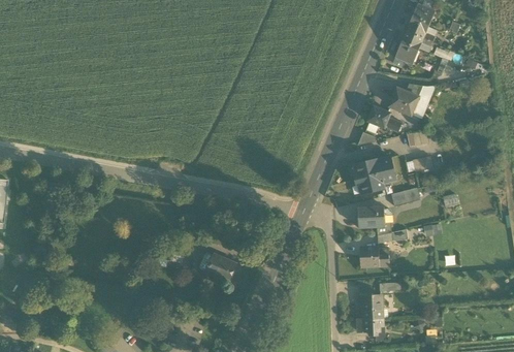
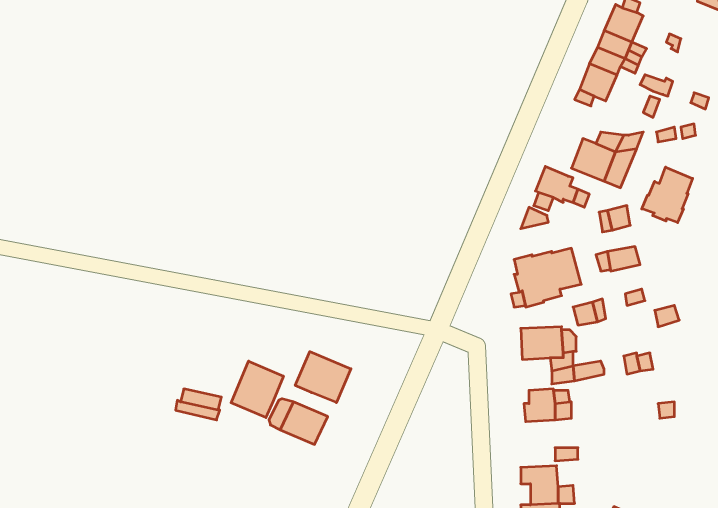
building: none -> [642,167,693,223]
building: none -> [295,352,351,403]
building: none -> [231,361,283,418]

